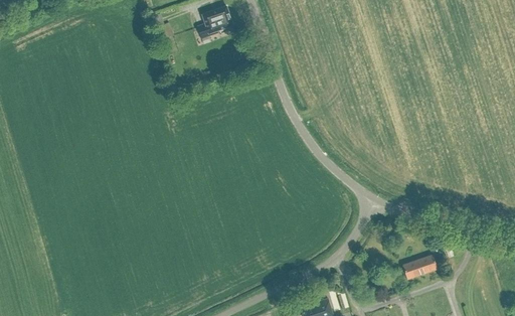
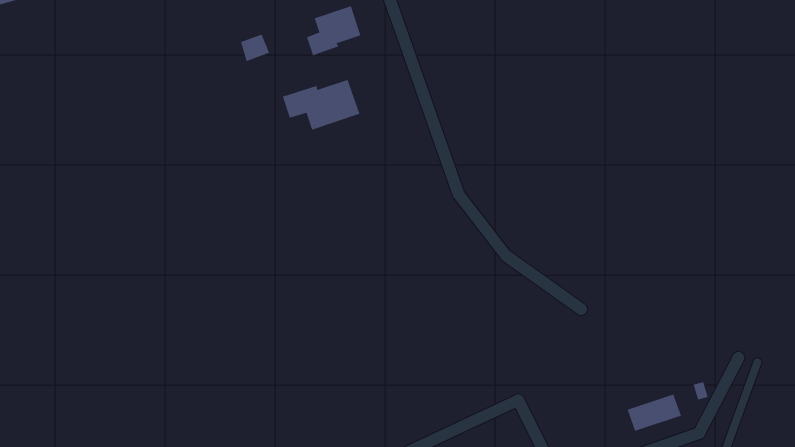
building: none -> [282,79,360,130]

